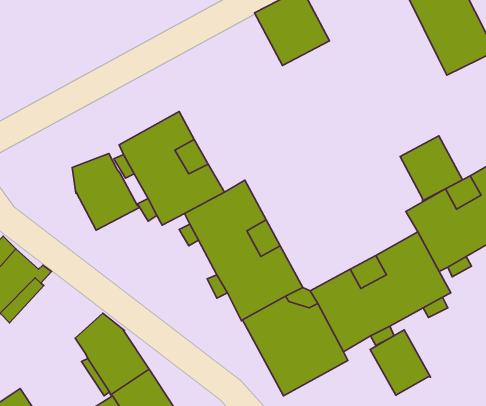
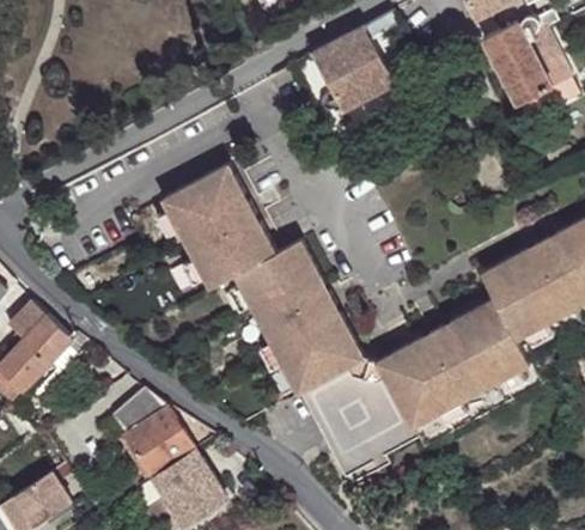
building: [400,136,463,201] -> none
building: [72,153,140,230] -> none
building: [370,330,430,395] -> none

